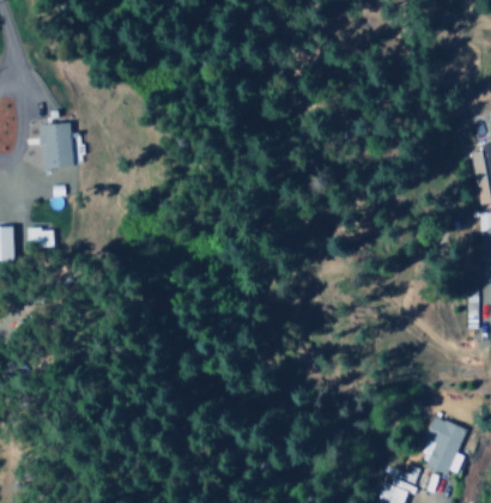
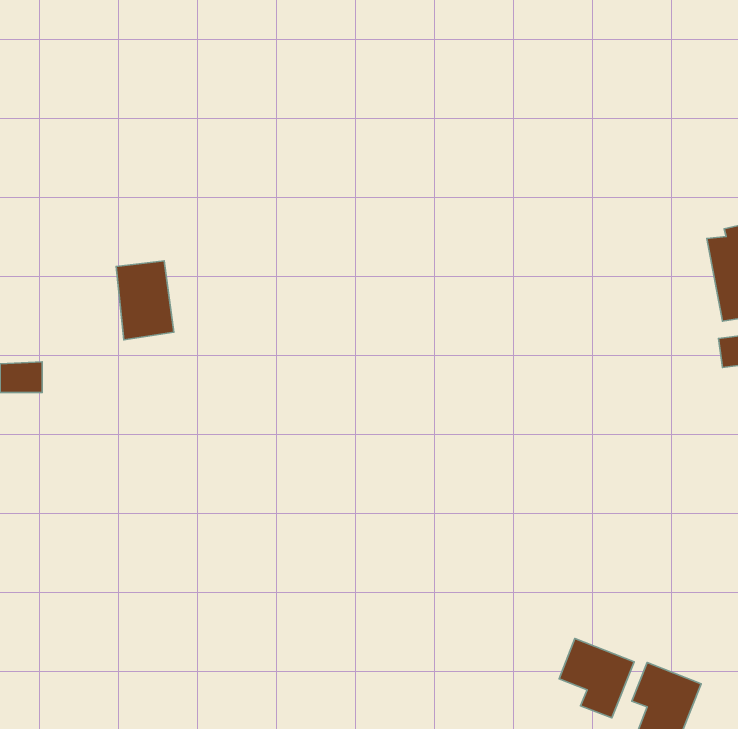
building: [40,122,75,171] -> [116,261,174,340]
building: none -> [559,639,634,718]

